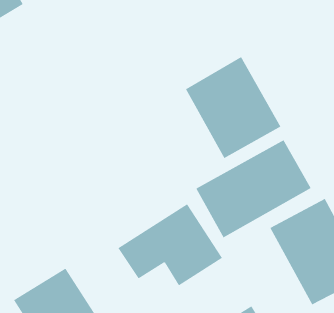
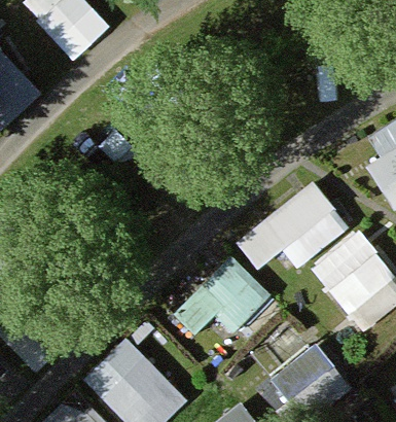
building: [185,56,281,159] -> none

